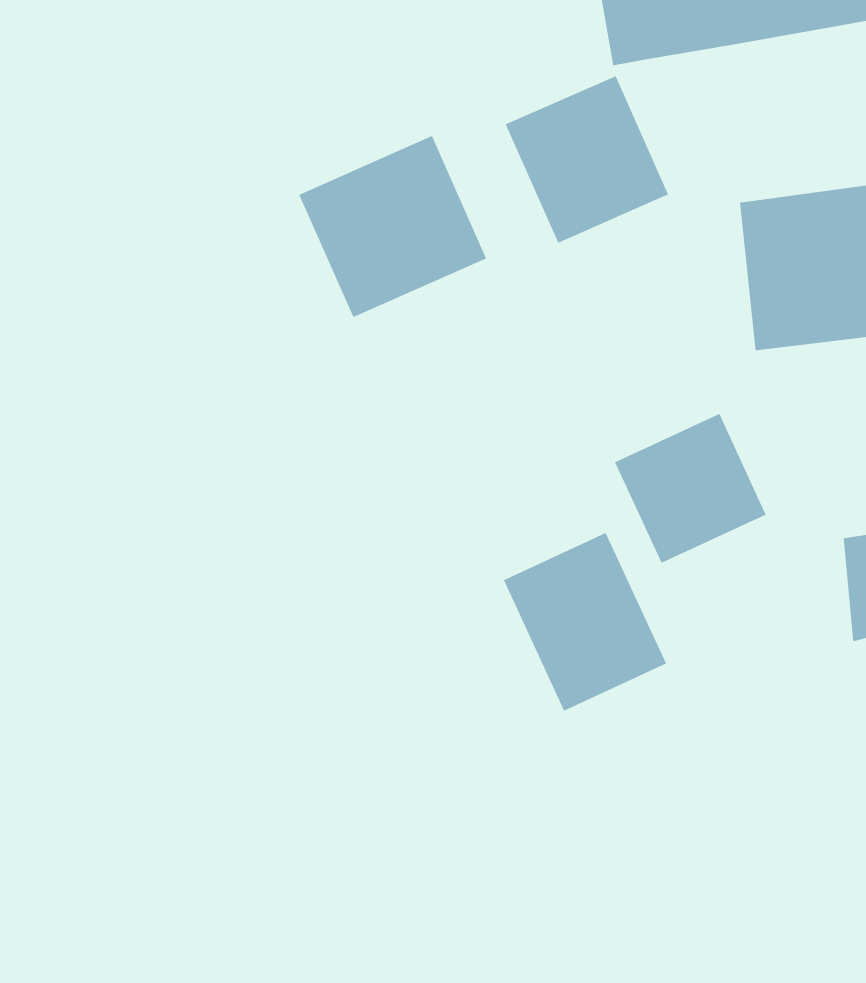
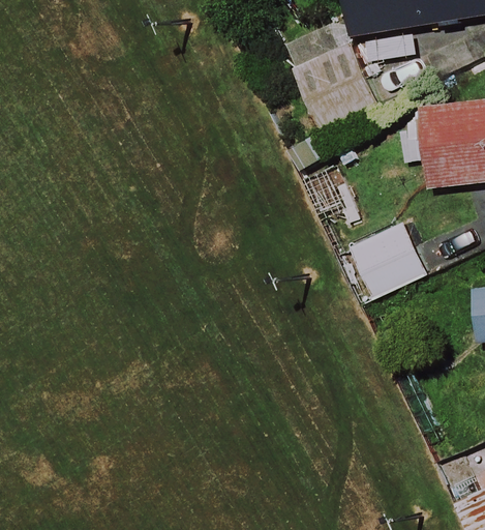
building: [298,135,487,318] -> none
building: [503,532,667,711] -> none

